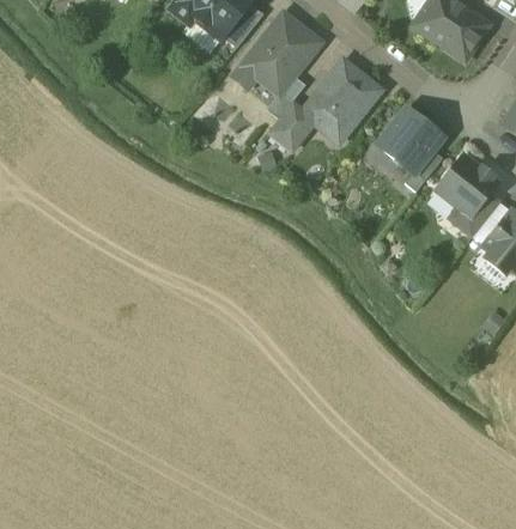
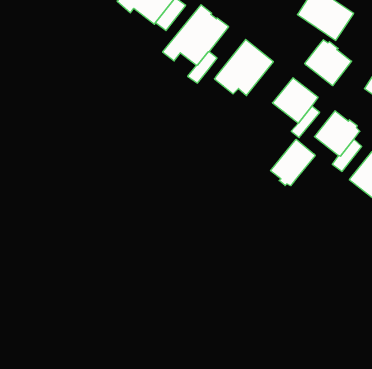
building: none -> [305,40,352,86]
building: [267,99,314,151] -> none
building: none -> [271,139,315,186]

